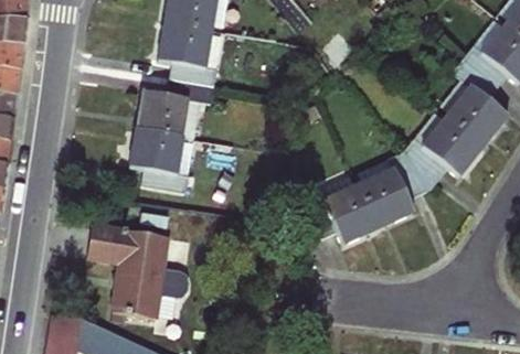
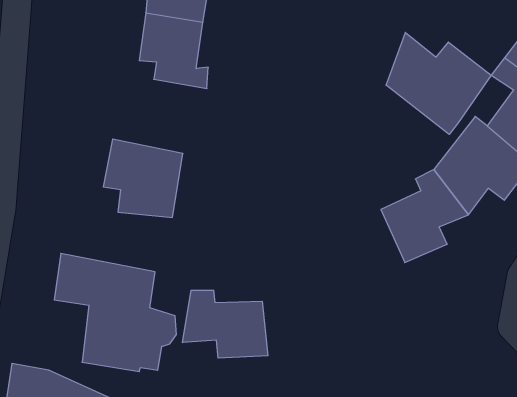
building: none -> [386,32,491,134]
building: [136,76,214,138] -> none
building: [307,170,379,244] -> none
building: none -> [183,290,268,358]

